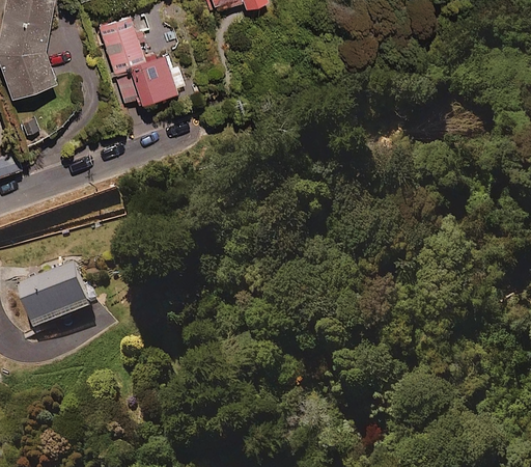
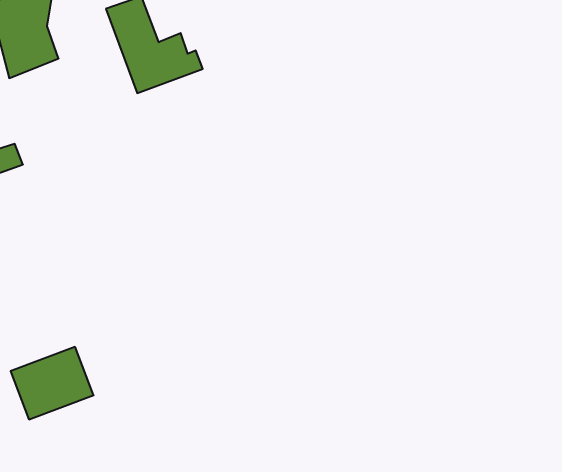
building: [17,269,91,334] -> [11,347,94,419]

